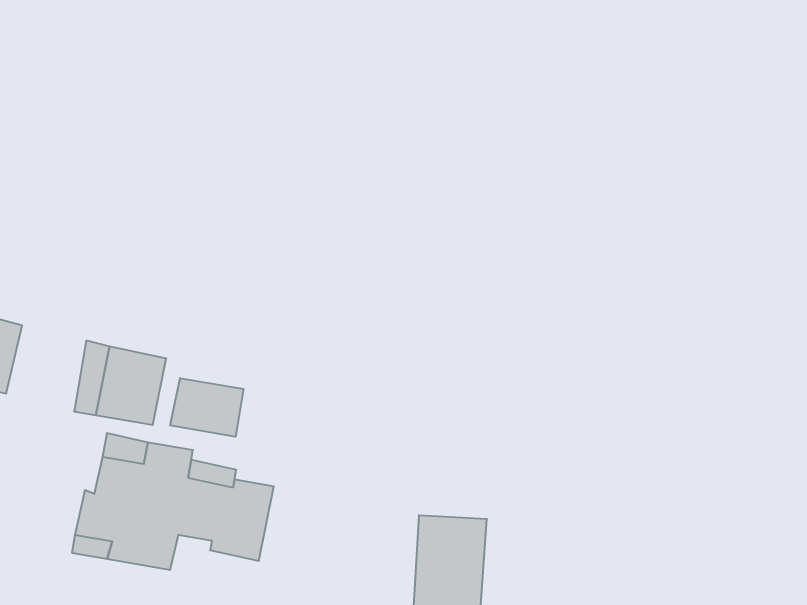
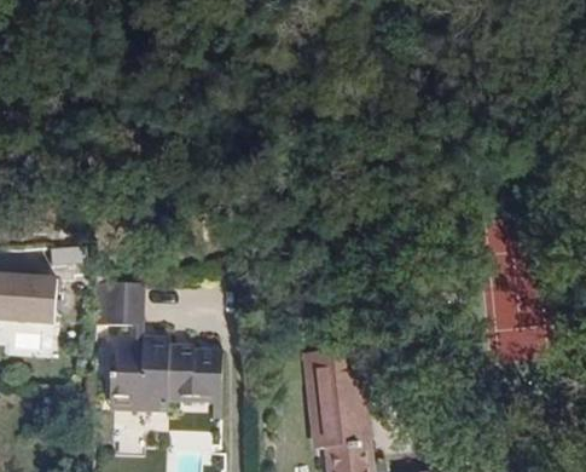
building: [170,378,243,437] -> none

